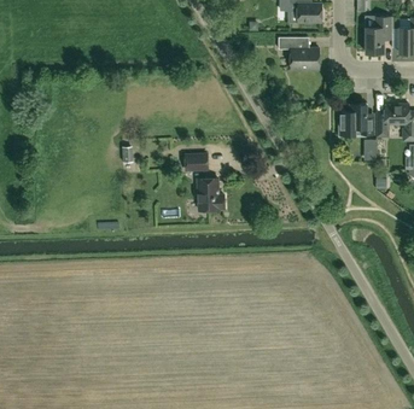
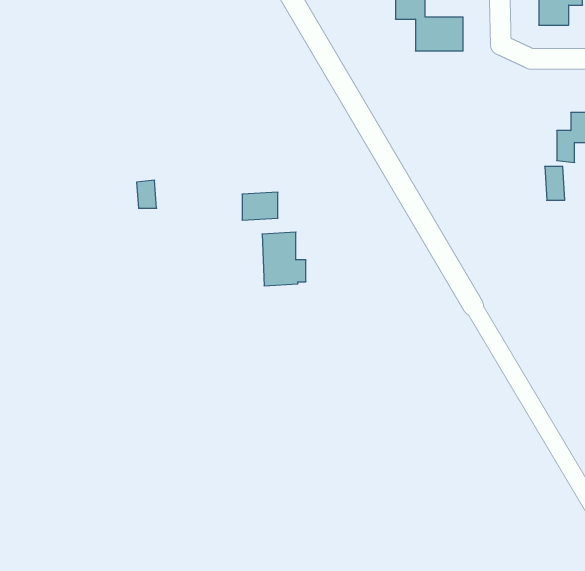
building: [340,105,374,136] -> none

